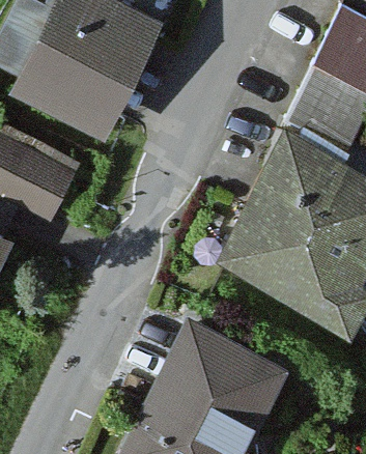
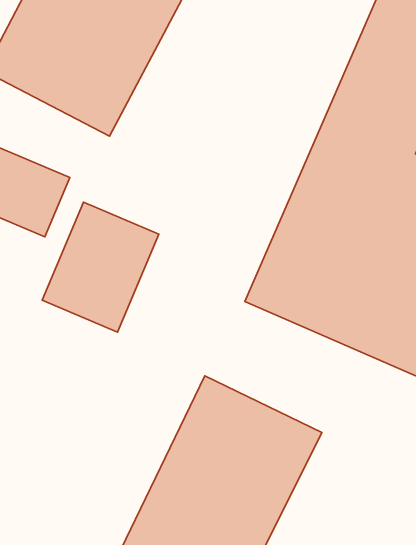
building: none -> [42,202,159,332]

